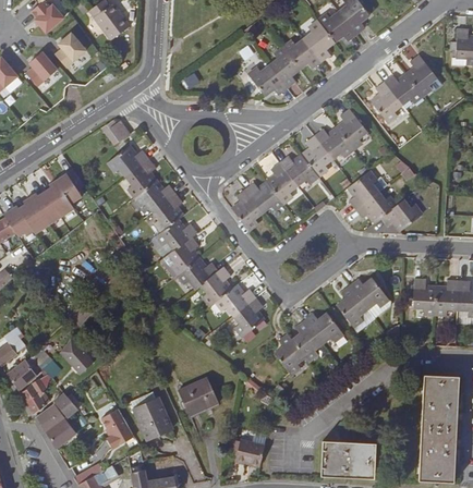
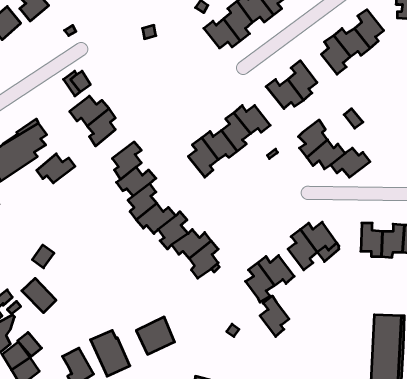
building: [302,135,332,175] -> none
building: [135,180,175,210] -> [37,154,75,183]
building: [275,332,305,375] -> [260,296,289,337]

